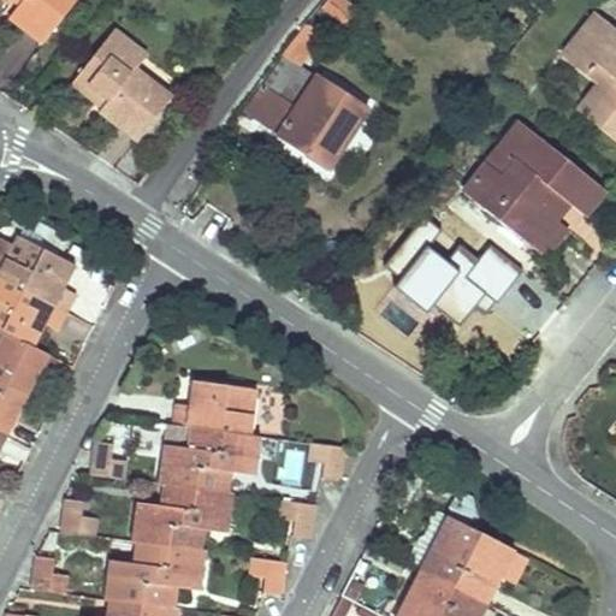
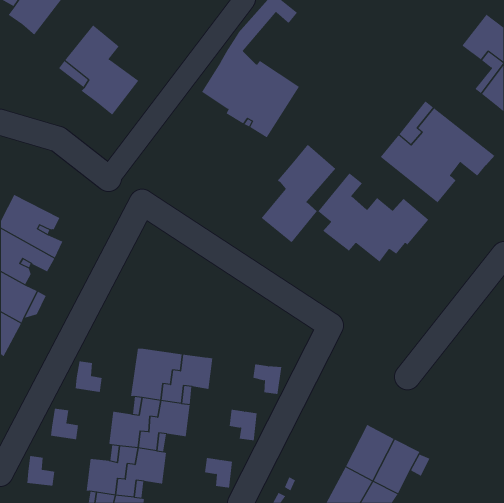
building: none -> [261,144,336,243]
building: [534,199,582,259] -> none
building: [172,380,256,436] -> none

